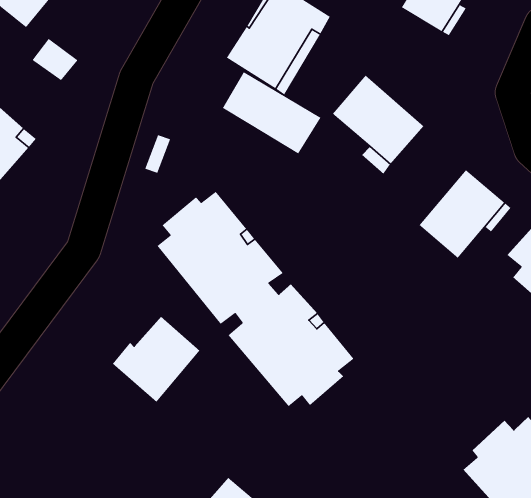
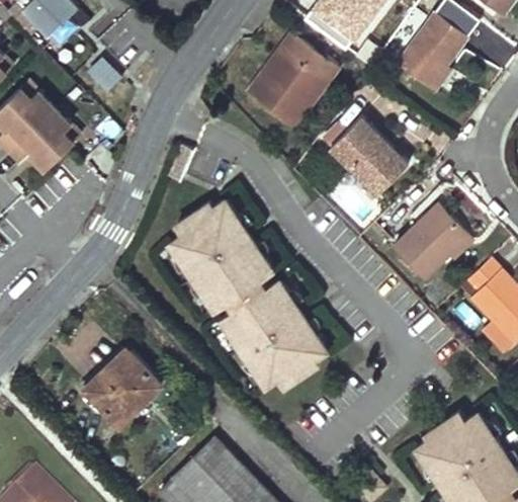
building: [222,71,322,154] -> none
building: [112,316,200,403] -> [83,354,159,427]

